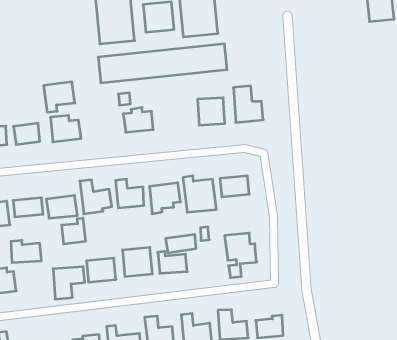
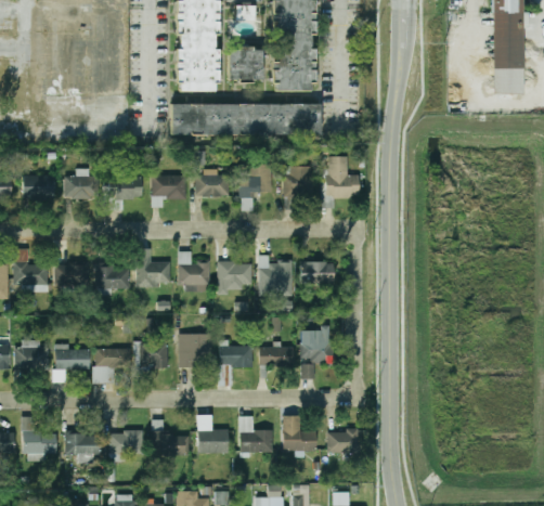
building: [44,82,75,112] -> [151,174,185,207]
building: none -> [239,164,271,210]
building: [62,218,85,244] -> none
building: [166,235,196,253] -> [258,347,293,365]
building: [11,240,41,263] -> [54,343,89,369]

